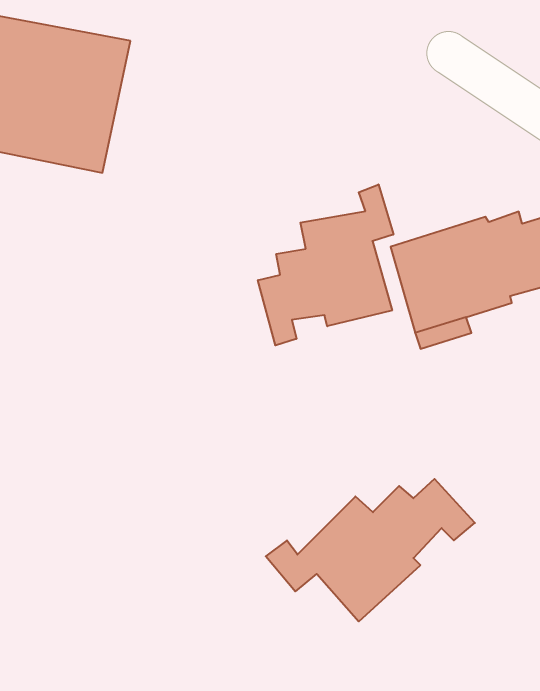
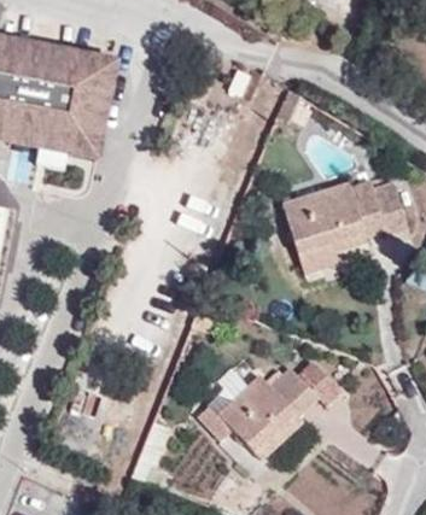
building: [258,184,393,345] -> none

